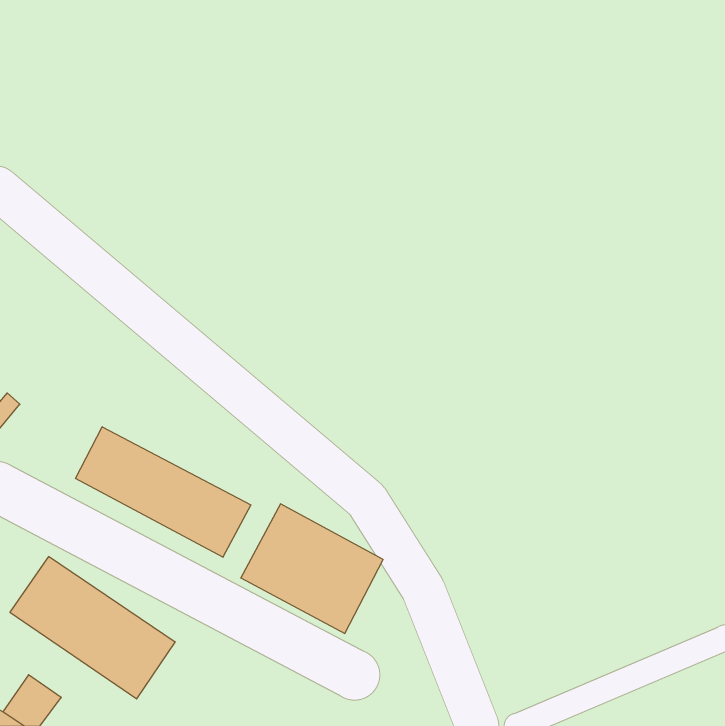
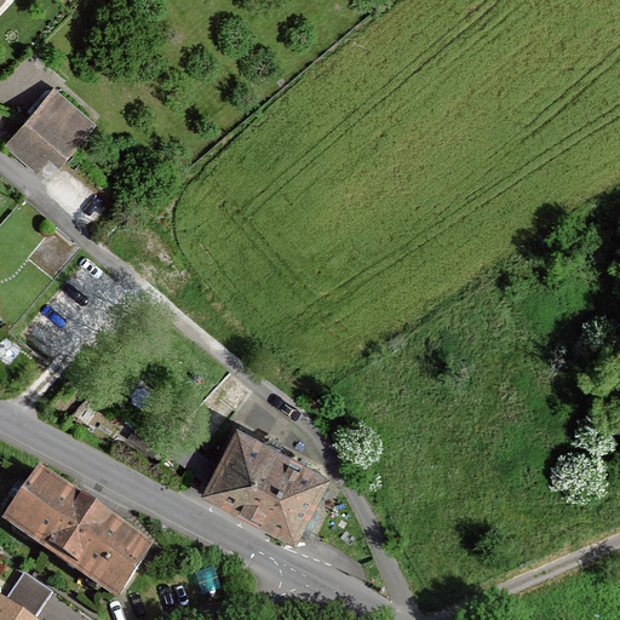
building: none -> [6,91,90,165]
building: [76,427,251,557] -> none

